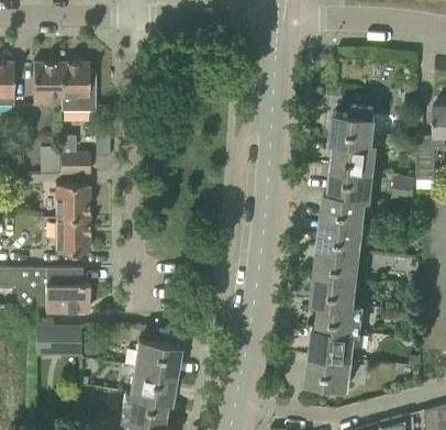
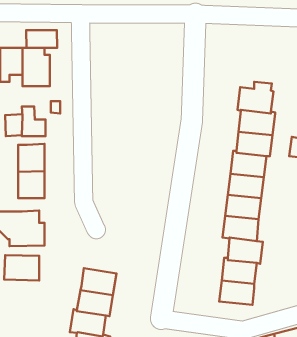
building: none -> [26,30,57,48]

